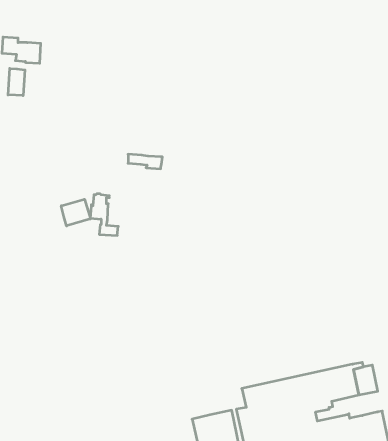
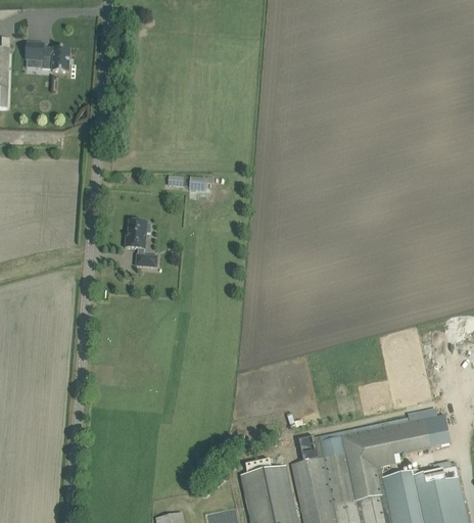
building: [8,68,25,96] -> none
building: [61,199,90,226] -> none

